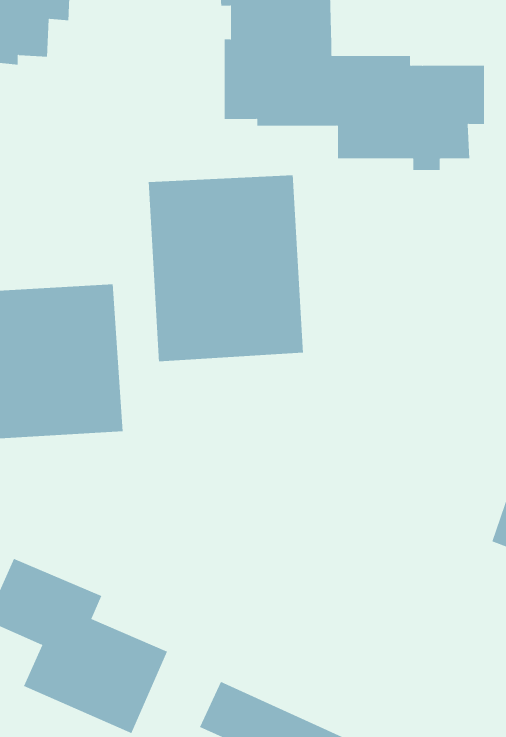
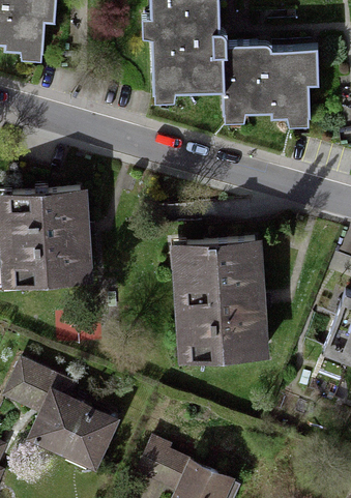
building: [148,175,304,362] -> none
building: none -> [170,238,268,362]

